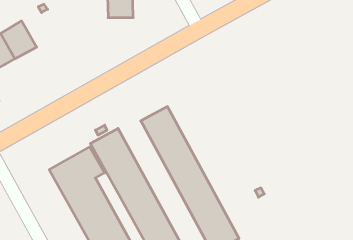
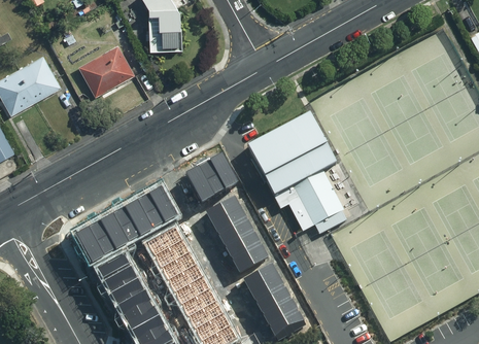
building: none -> [80,46,135,97]
building: none -> [247,115,343,236]

